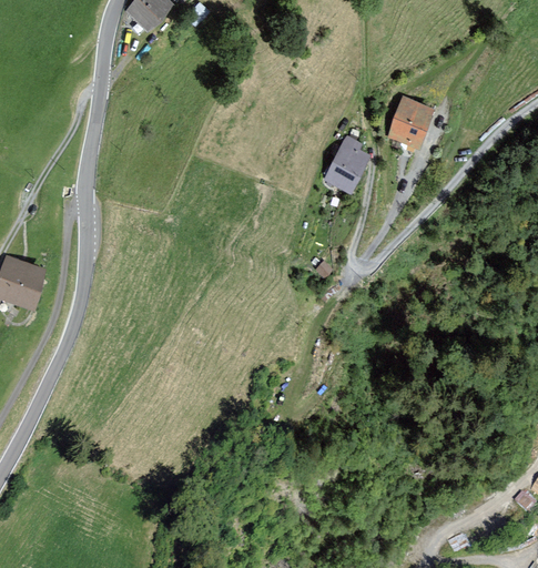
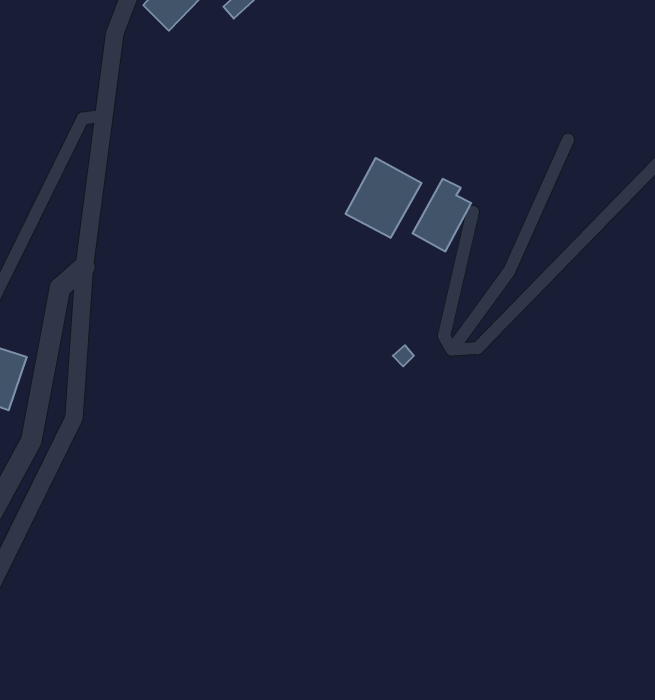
building: [390,98,432,144] -> none
building: none -> [346,158,421,238]

